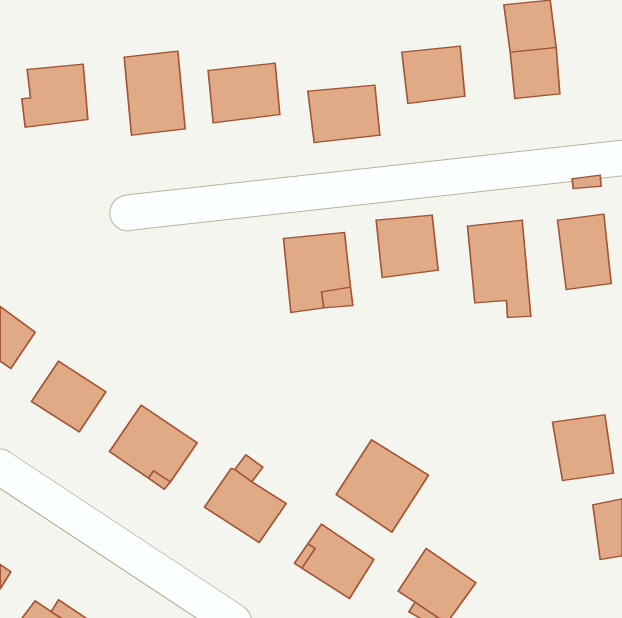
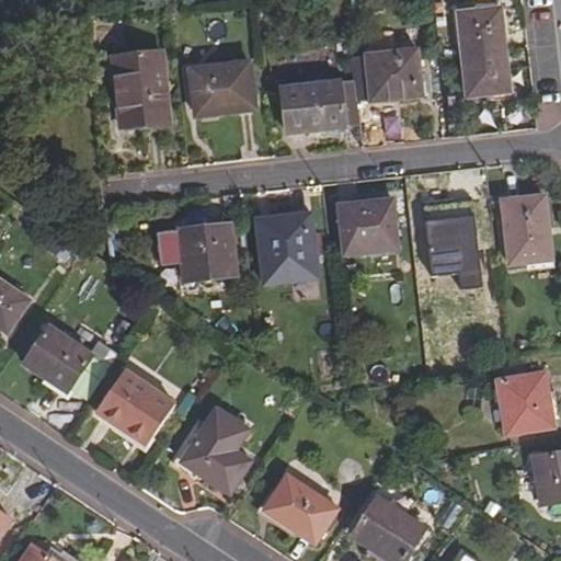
building: [22,64,88,127] -> none
building: none -> [154,222,233,282]
building: [336,440,429,532] -> none

